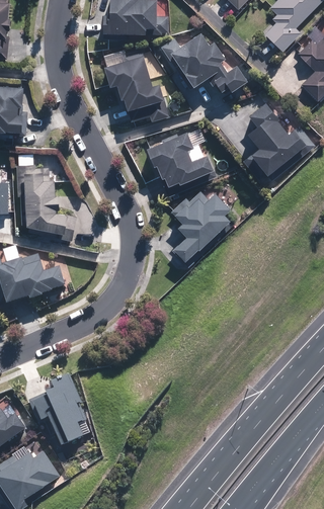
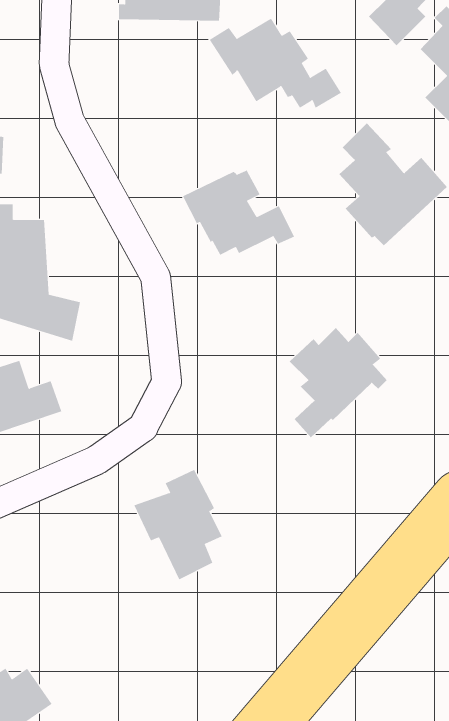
building: [102,54,169,126] -> none
building: [169,188,233,260] -> [289,327,387,438]
building: [29,375,87,447] -> [133,469,223,580]

